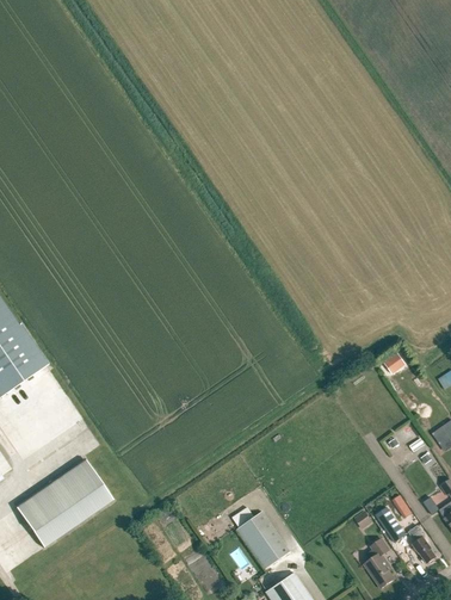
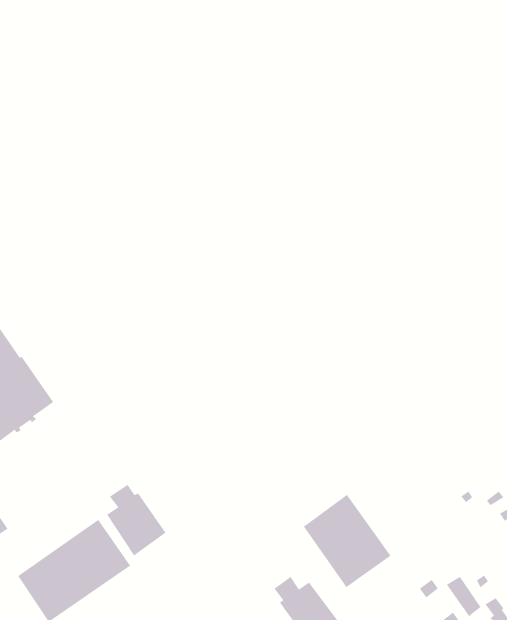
building: none -> [106,484,166,556]
building: none -> [303,494,392,588]

